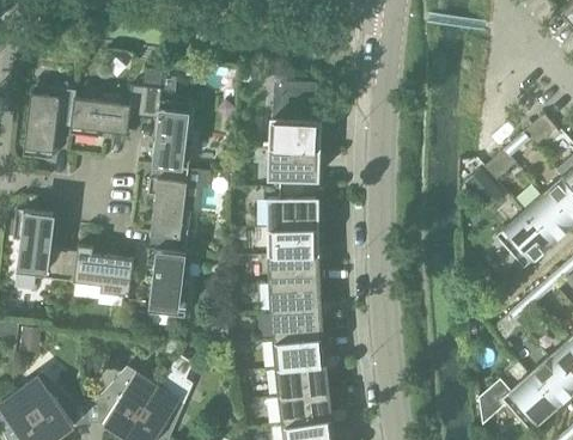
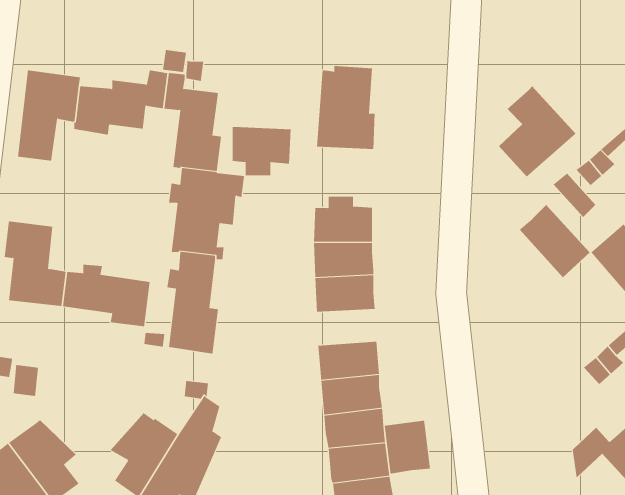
building: none -> [498,86,576,178]
building: [268,148,317,189] -> [232,126,291,176]
building: none -> [519,204,590,278]
building: [269,282,319,312] -> none
building: none -> [384,420,431,474]

